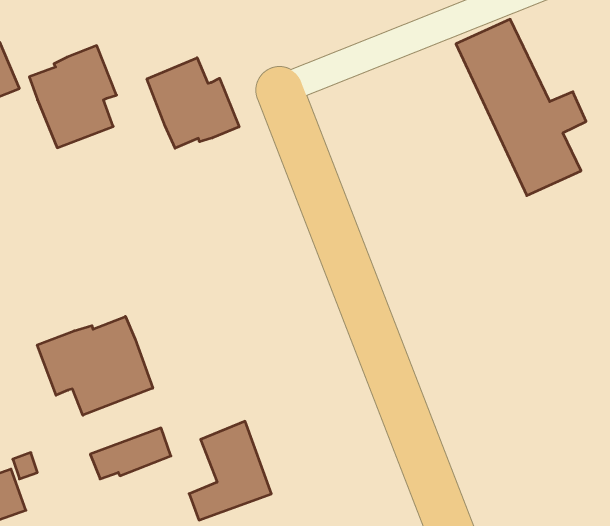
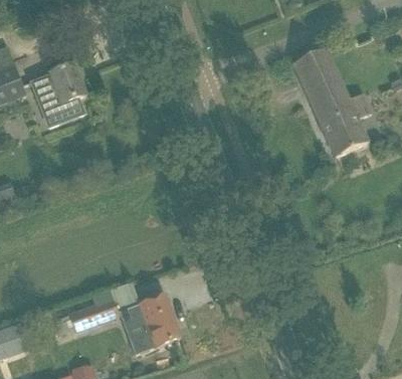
building: [147,58,239,148] -> none
building: [37,316,153,415] -> none

